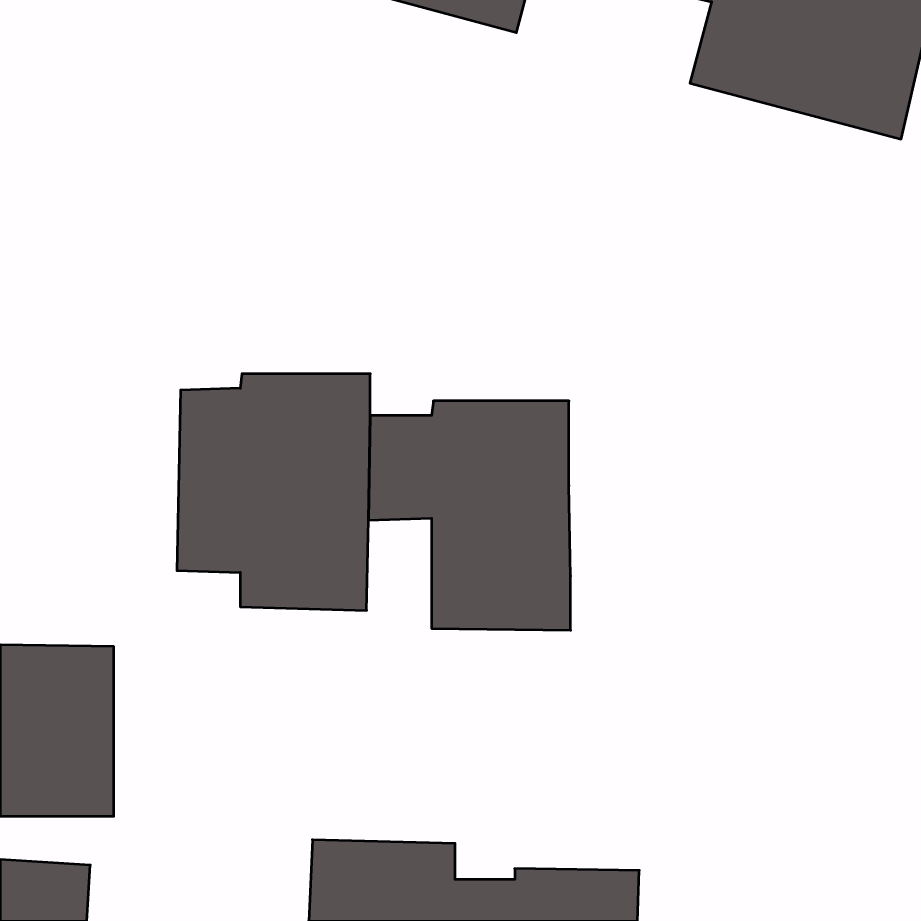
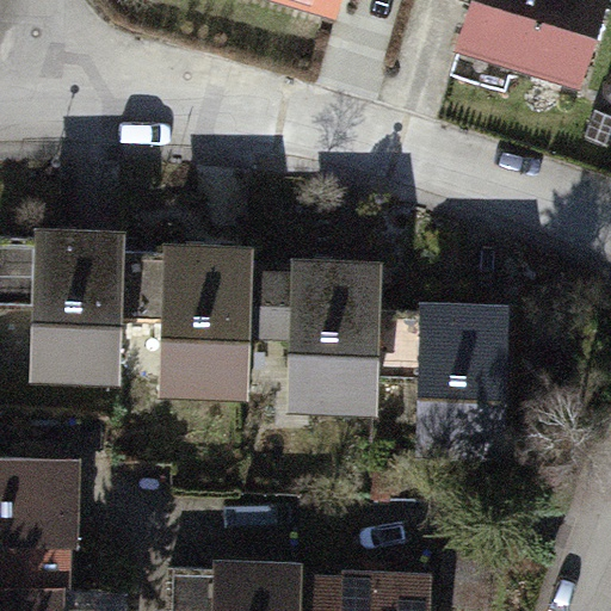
building: none -> [27,228,121,387]
building: none -> [377,304,506,444]

